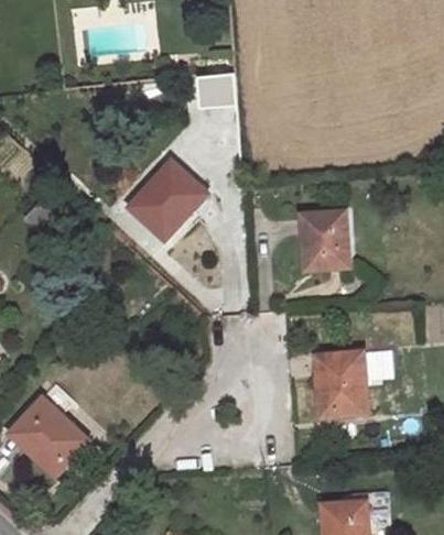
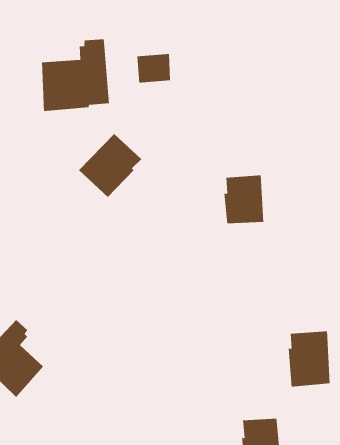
building: none -> [41,39,109,112]
building: [316,351,367,418] -> [288,331,331,387]

